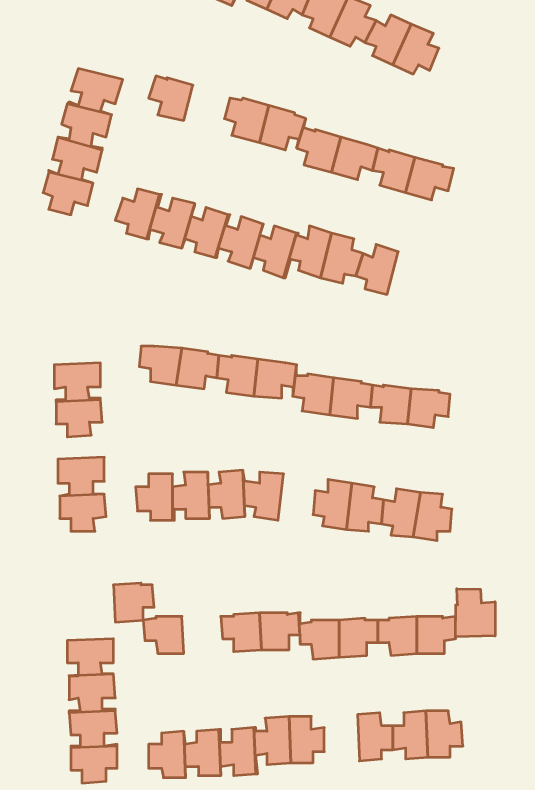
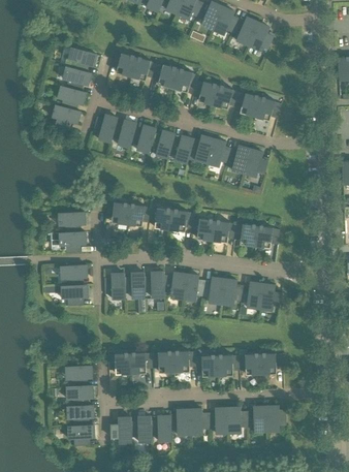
building: none -> [131,57,157,81]
building: none -> [245,150,268,178]
building: none -> [184,274,204,302]
building: [113,583,154,622] -> [130,352,153,374]
building: [456,589,495,637] -> none
building: none -> [210,408,229,434]

